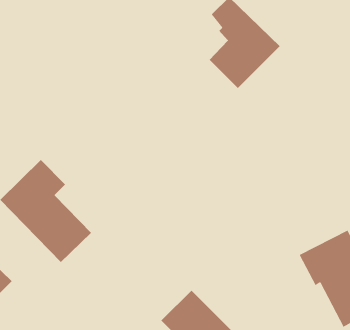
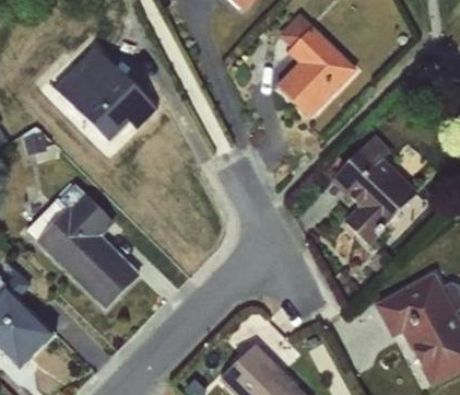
building: none -> [56,48,156,150]
building: none -> [328,130,415,244]

